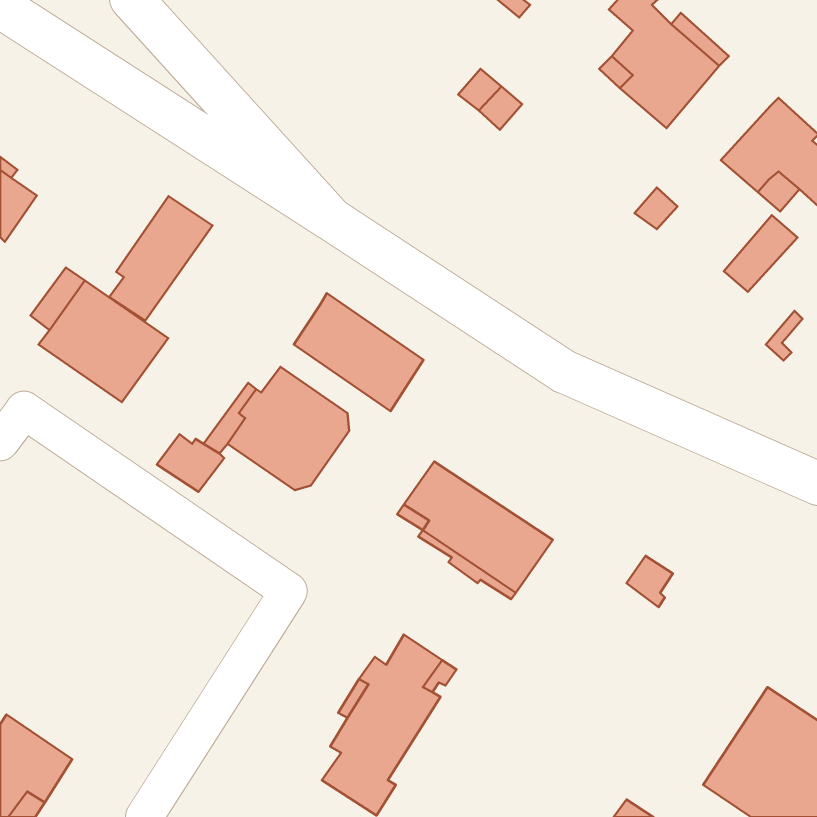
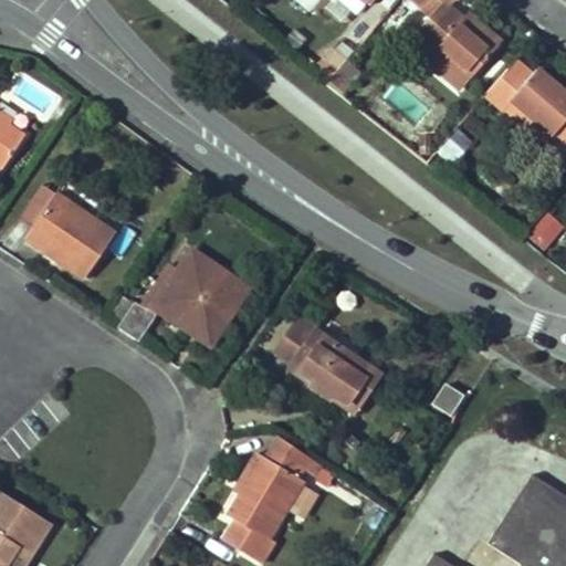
building: [109,196,212,321] -> none
building: [724,215,798,292] -> [482,57,533,111]
building: [294,293,423,411] -> none

